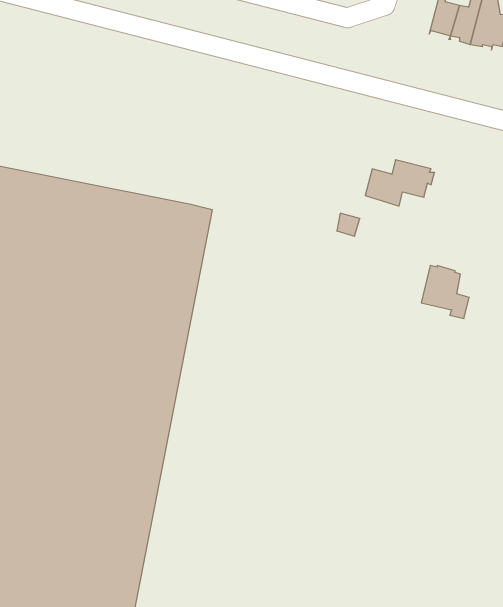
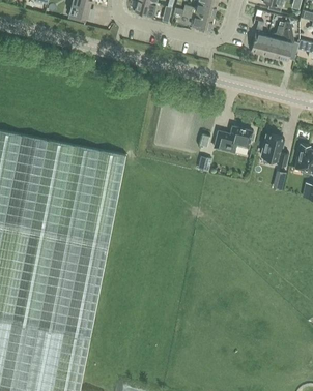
building: [421,265,469,319] -> [261,134,289,166]

